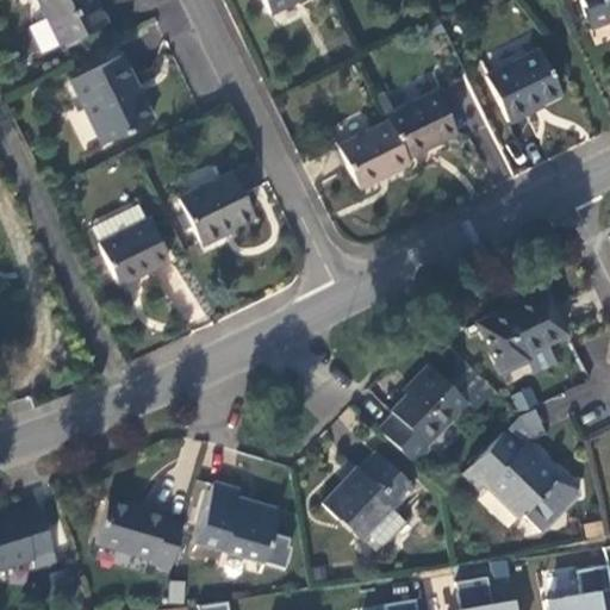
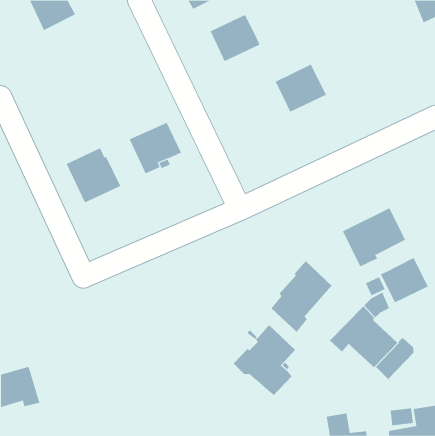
building: [487,49,560,120] -> none
building: [73,52,155,142] -> none
building: [338,120,409,187] -> [210,14,260,62]
building: none -> [380,257,428,303]
building: [197,485,281,565] -> none
building: [98,500,185,571] -> none

